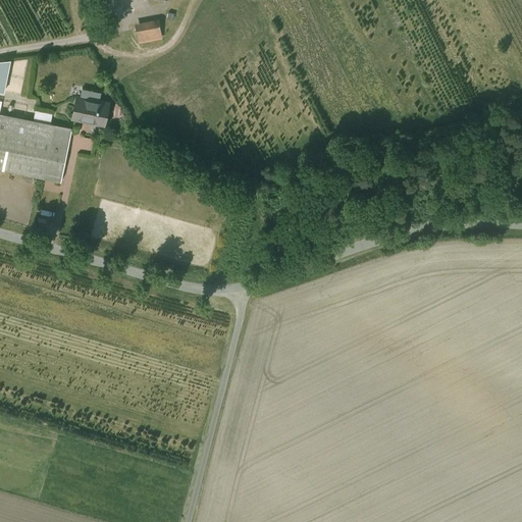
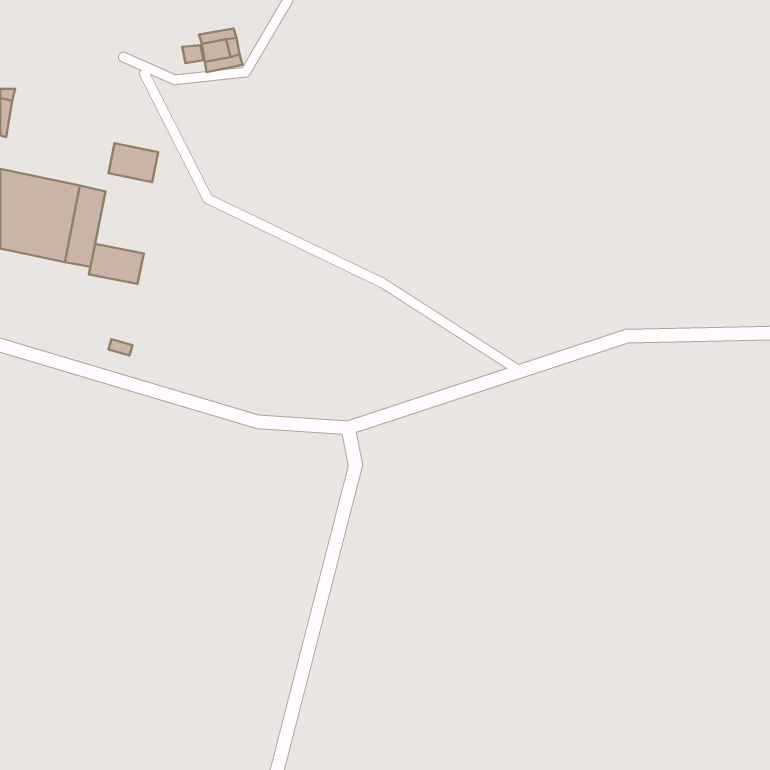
building: none -> [89,244,144,284]

